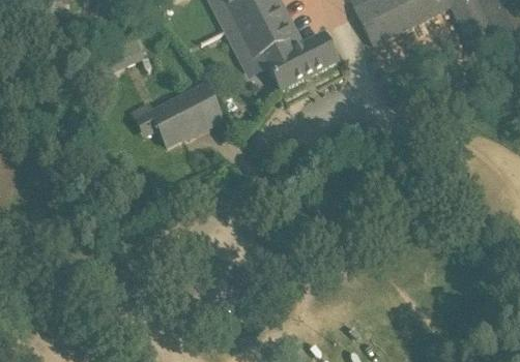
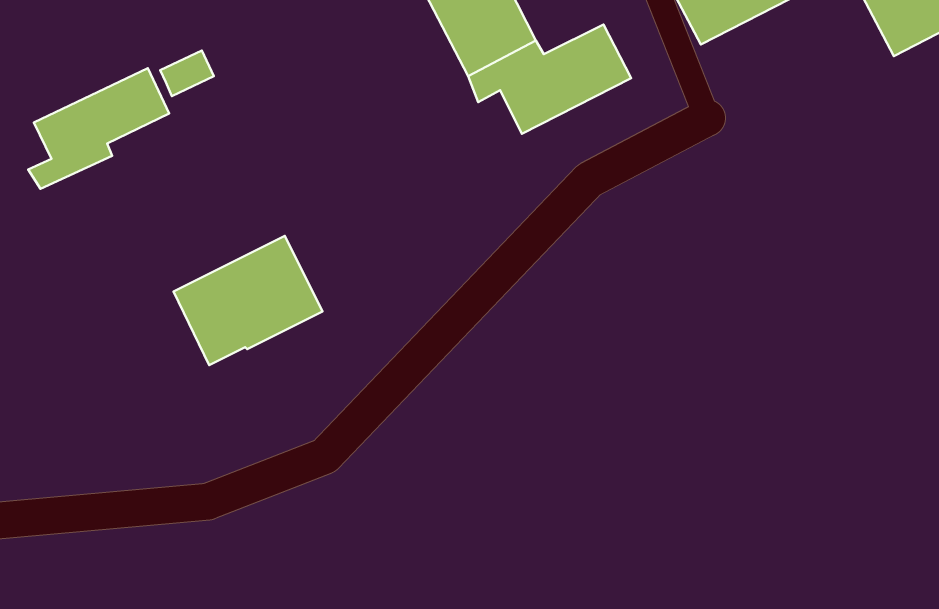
building: none -> [28,68,169,189]
building: [147,81,225,148] -> [173,236,323,365]

